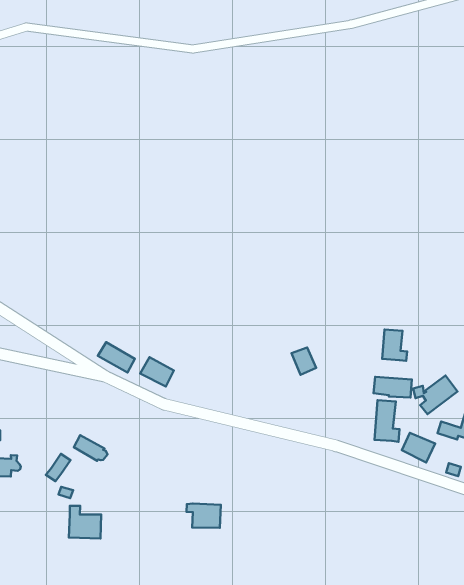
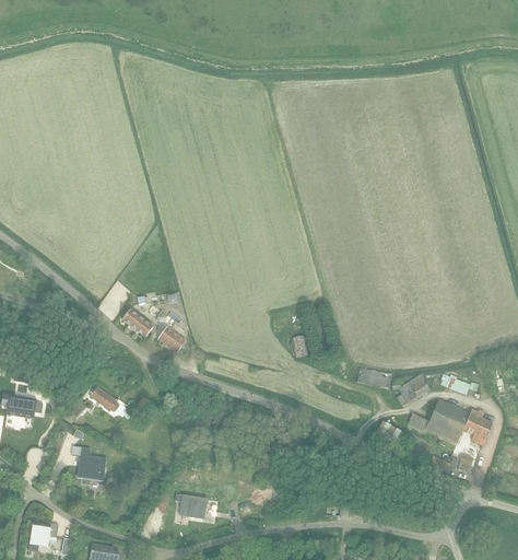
building: [382,329,407,361] -> none
building: [374,400,400,442] -> none
building: [186,503,221,528] -> [176,494,207,518]

